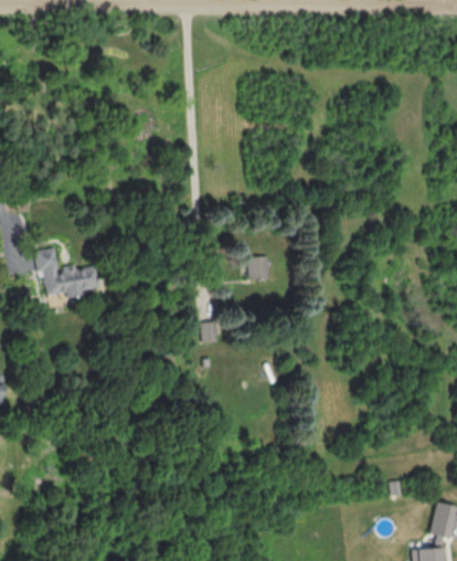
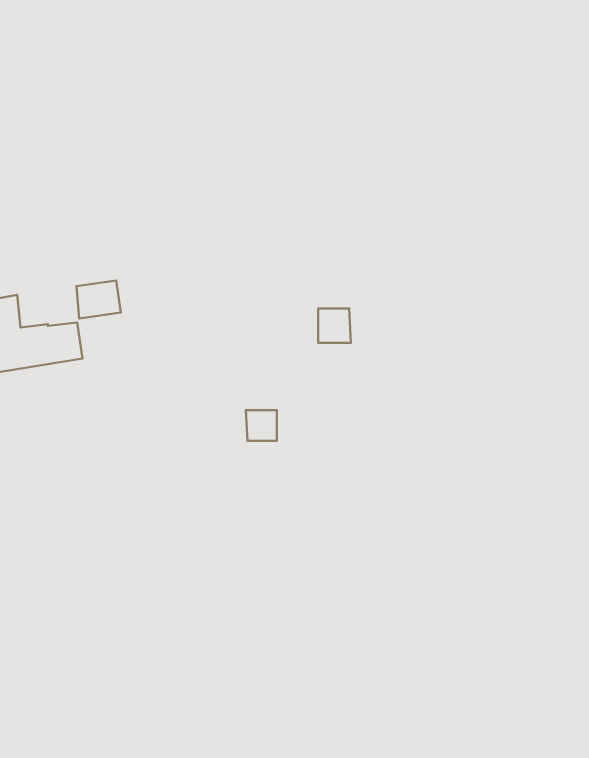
building: none -> [77,281,121,319]

